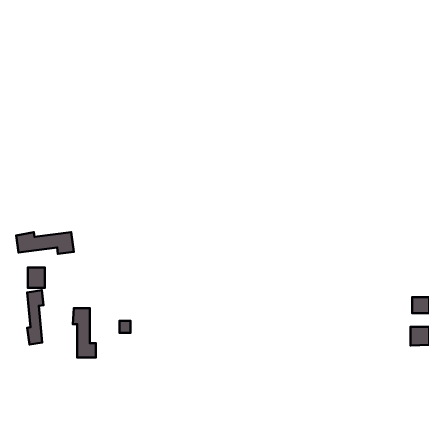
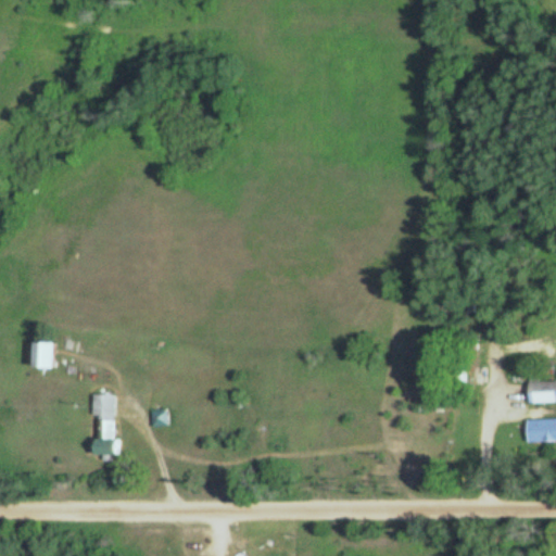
building: [16,232,74,254] -> none
building: [27,290,43,345] -> none

